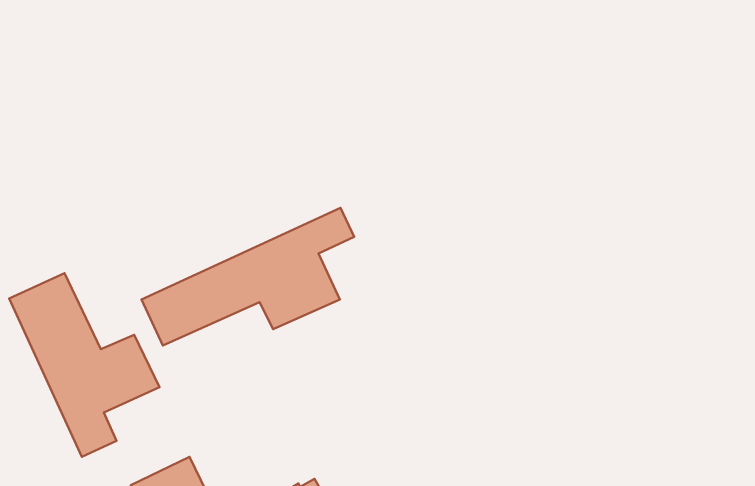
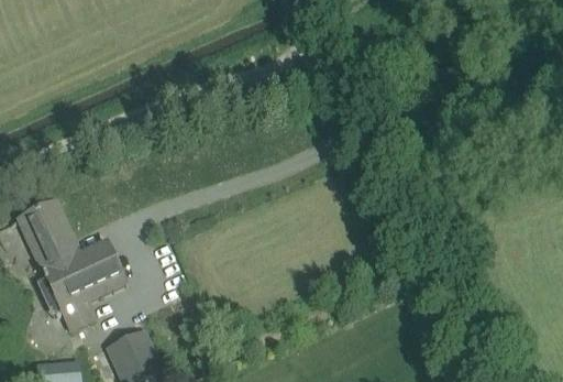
building: [141,208,354,346] -> none

